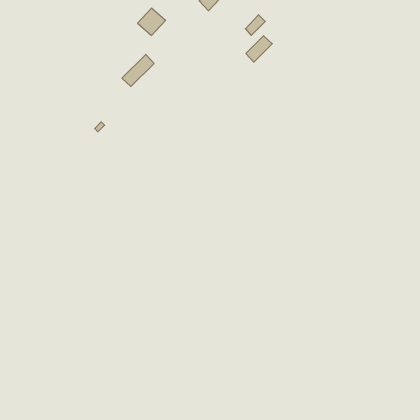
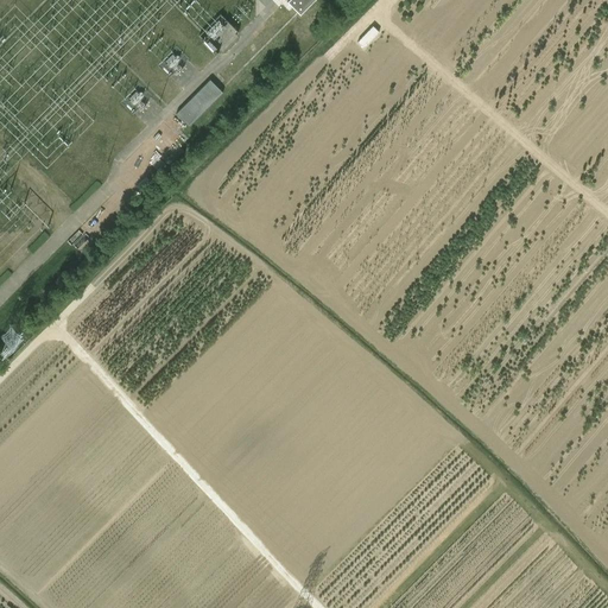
building: [246,36,272,62] -> none

